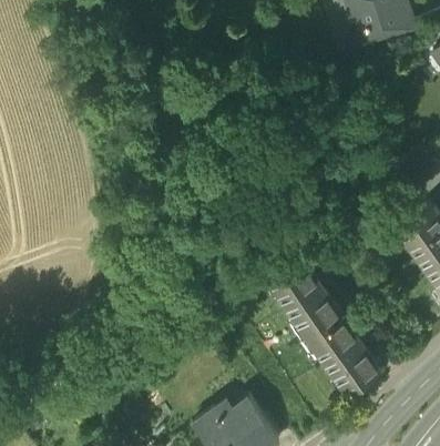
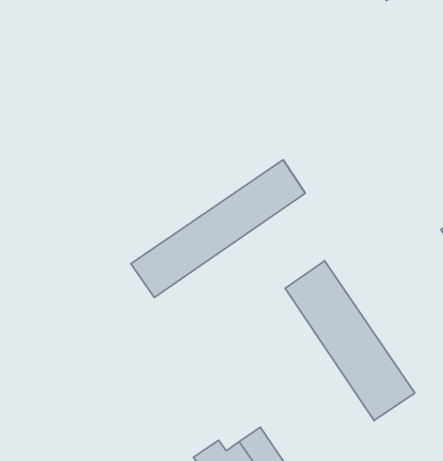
building: none -> [131,160,305,297]

